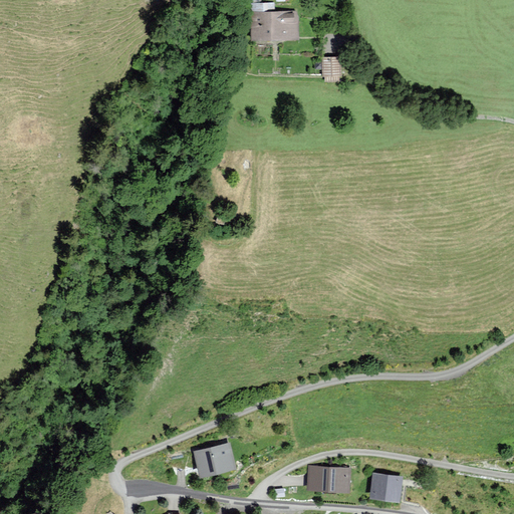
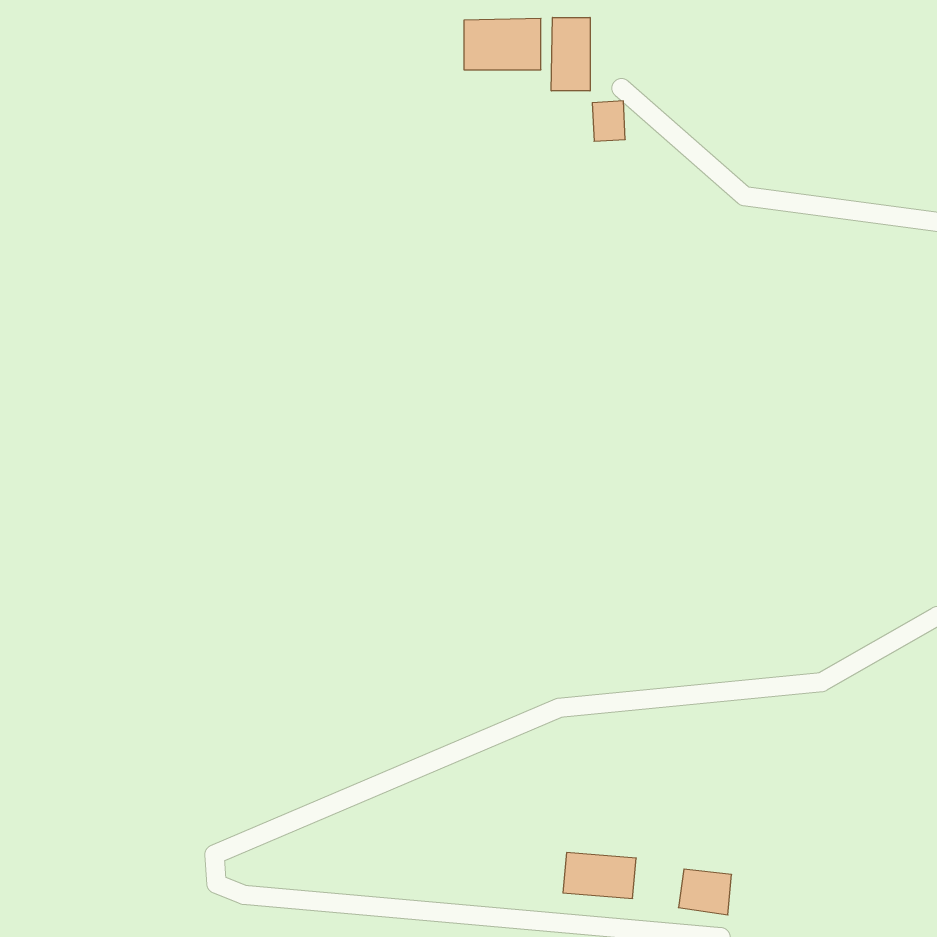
building: none -> [551,17,590,91]
building: [196,446,234,476] -> none

